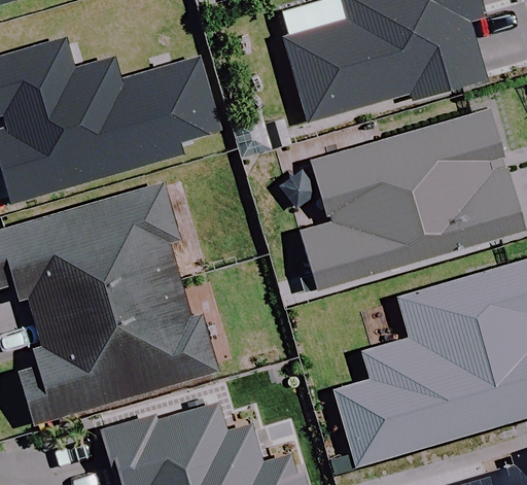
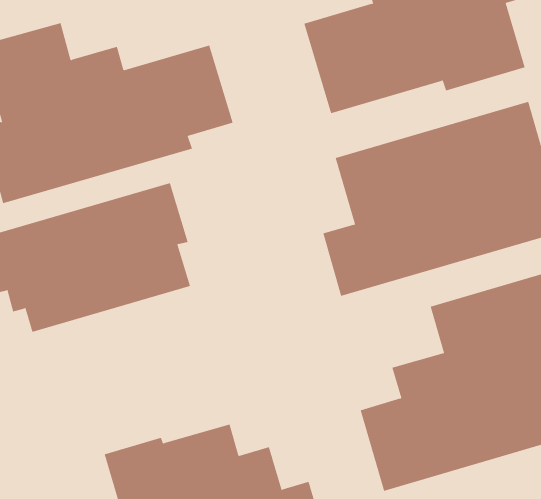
building: [17,278,216,423] -> none

